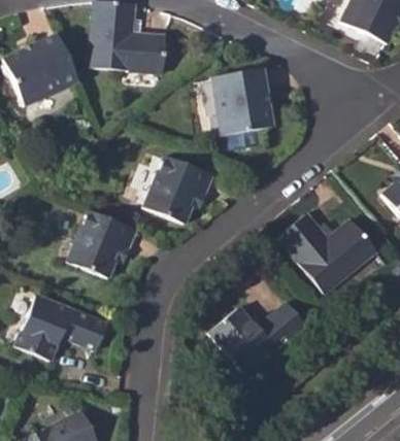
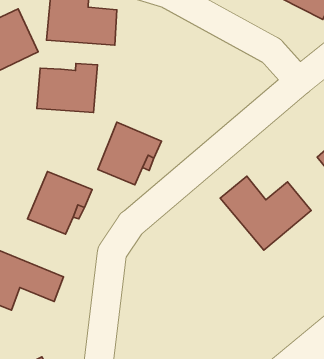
building: [215,68,275,135] -> none
building: none -> [37,63,98,112]
building: [210,303,304,374] -> none

